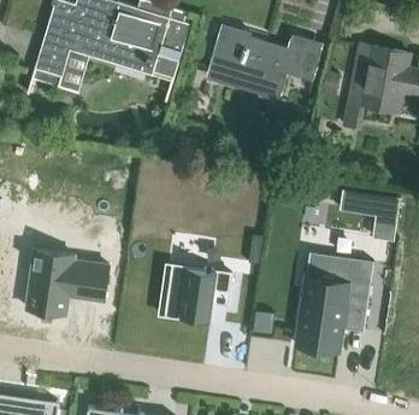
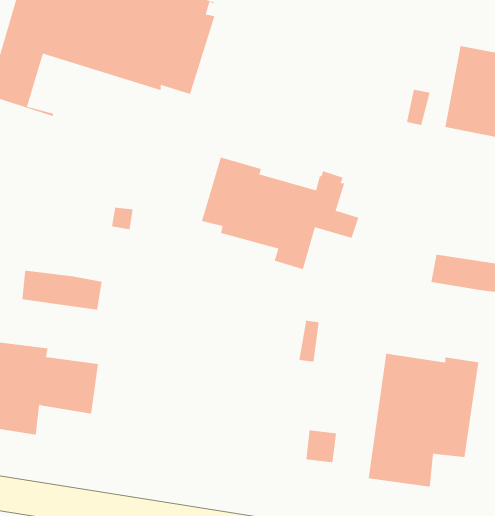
building: [208,24,318,103] -> [201,157,359,270]
building: none -> [22,270,102,311]
building: [164,265,235,323] -> none

